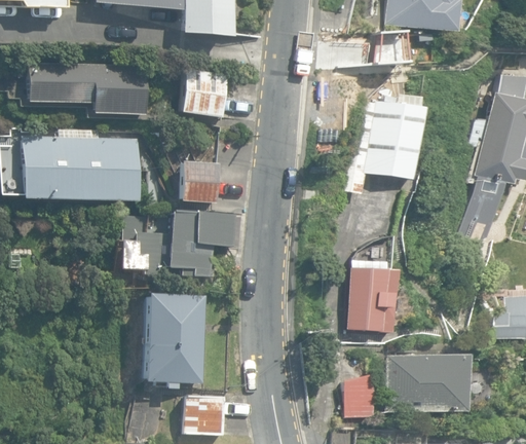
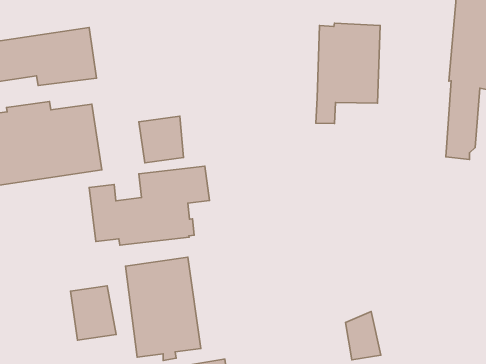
building: [182,68,230,118] -> none
building: [347,260,388,332] -> none
building: none -> [70,286,116,340]
building: [383,354,463,412] -> none

